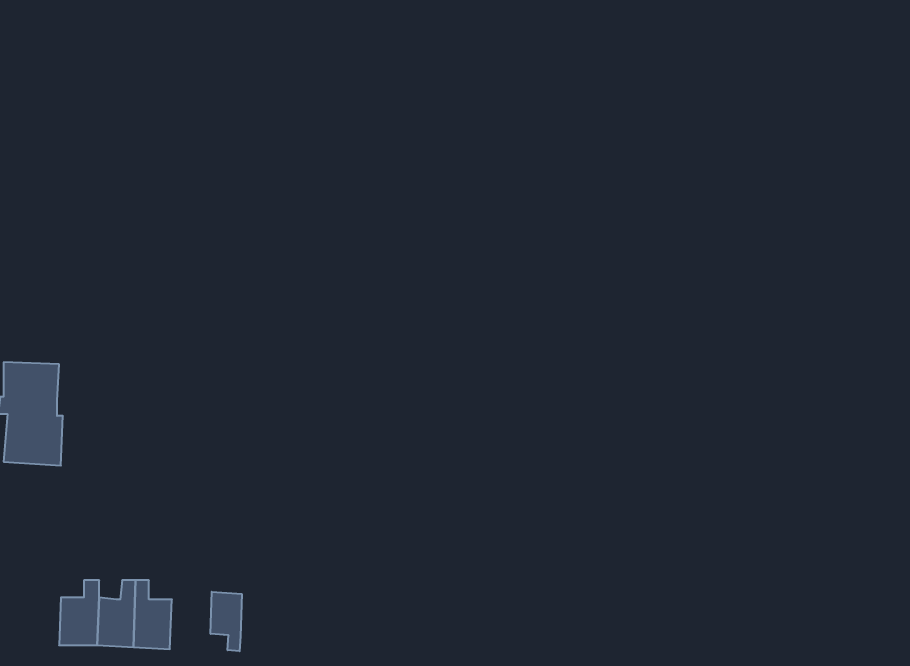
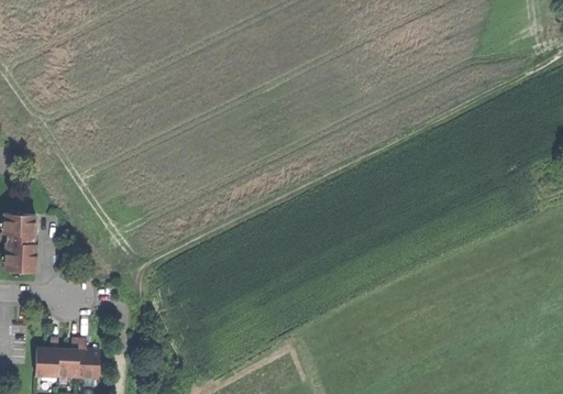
building: [211,592,242,651] -> none

